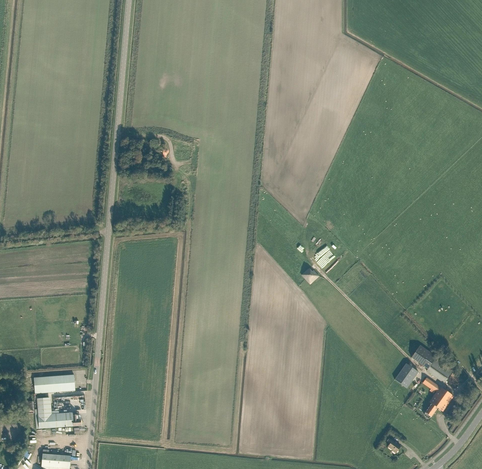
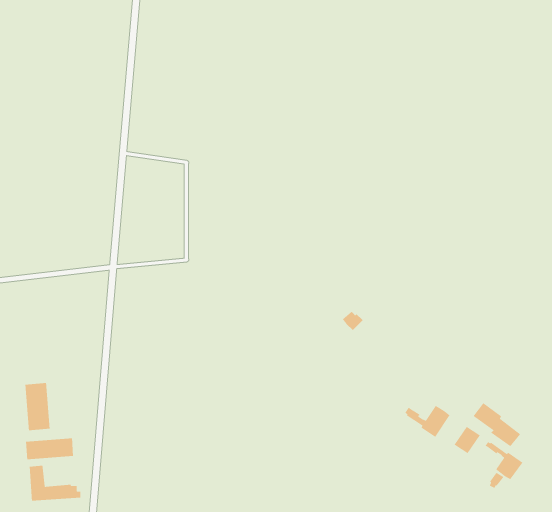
building: none -> [25,382,50,431]
building: none -> [405,405,450,438]

